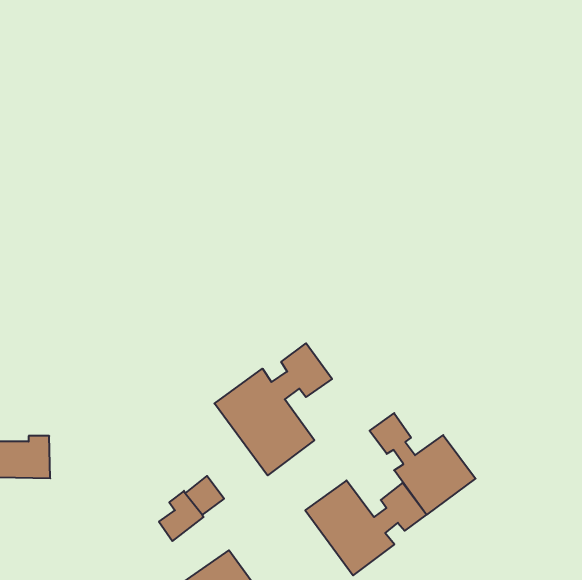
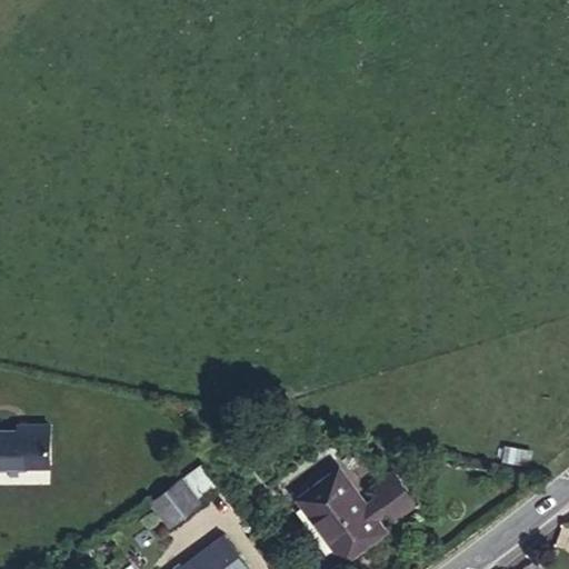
building: [214,343,332,475] -> none
building: [370,413,476,515] -> none

